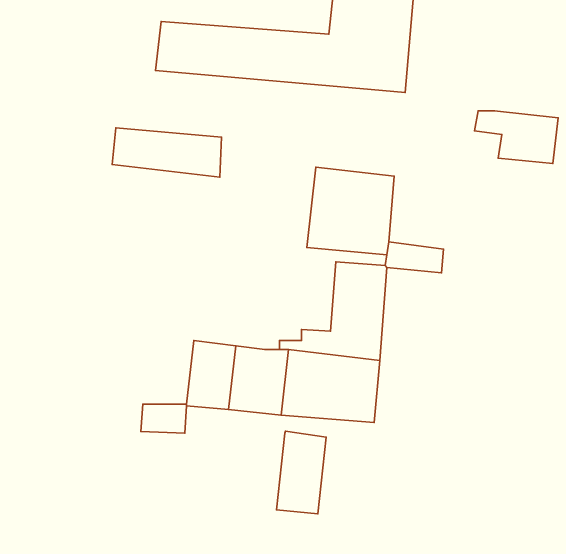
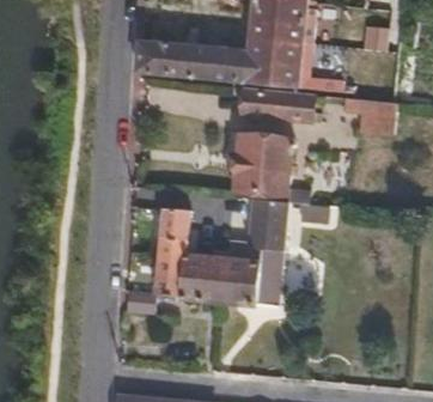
building: [112,128,222,177] -> [242,89,313,121]
building: none -> [159,207,189,254]
building: [276,431,326,514] -> none

